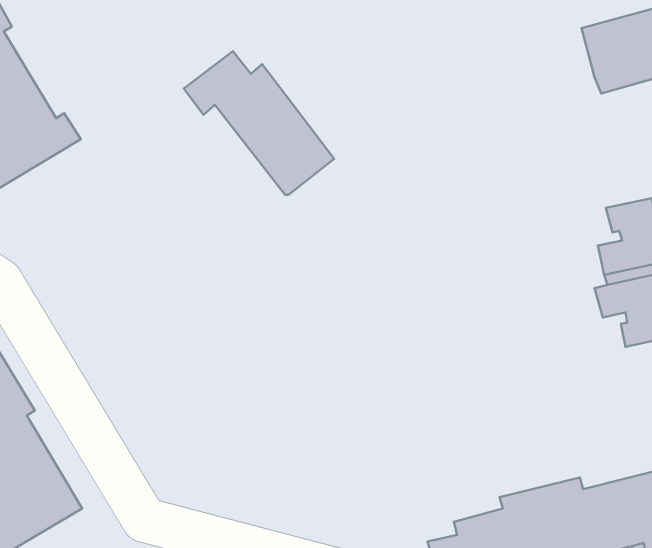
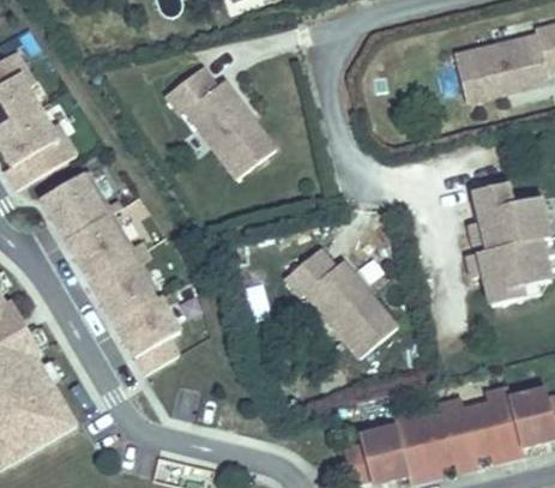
building: none -> [50,163,189,366]
building: none -> [279,264,391,368]

